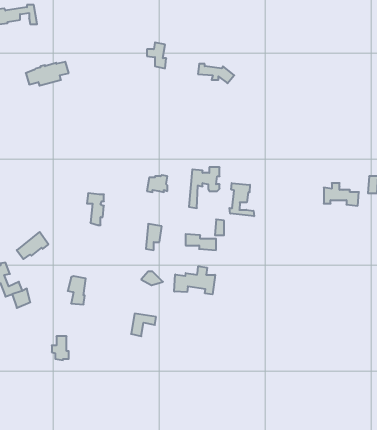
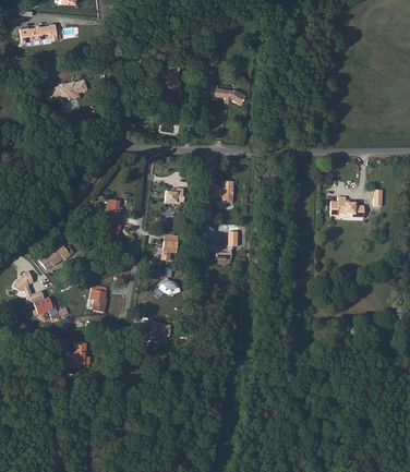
building: [229,183,254,216] -> none
building: [174,266,215,294] -> none

